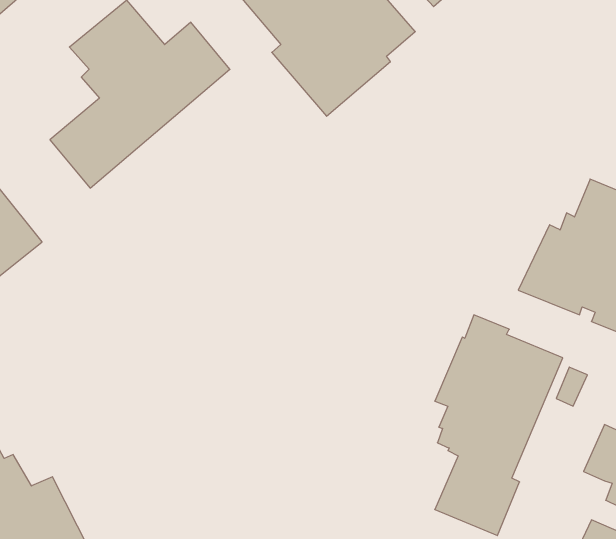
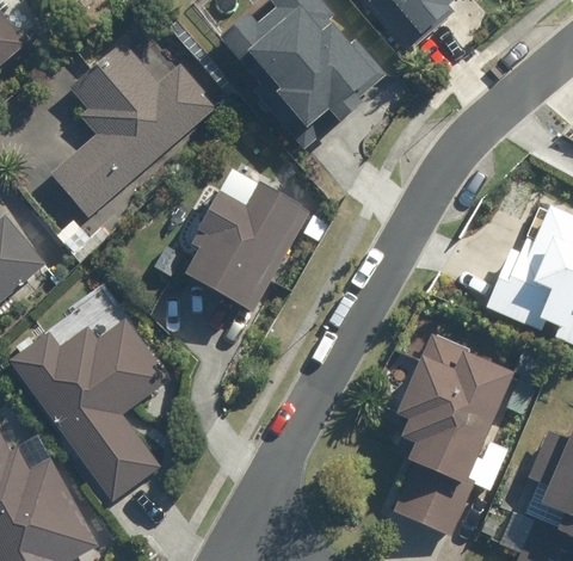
building: none -> [199,172,314,306]
building: none -> [17,326,165,495]

